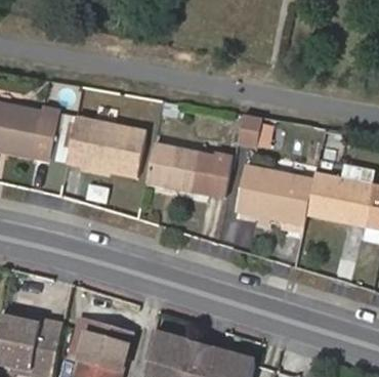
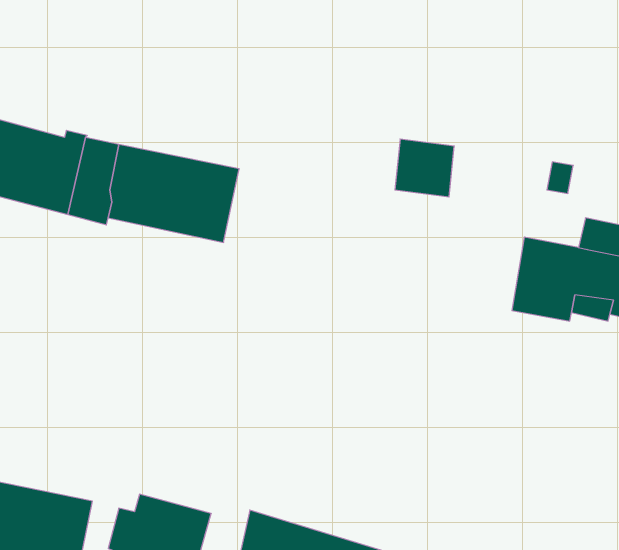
building: [144,149,231,205] -> none
building: [235,165,312,223] -> none

